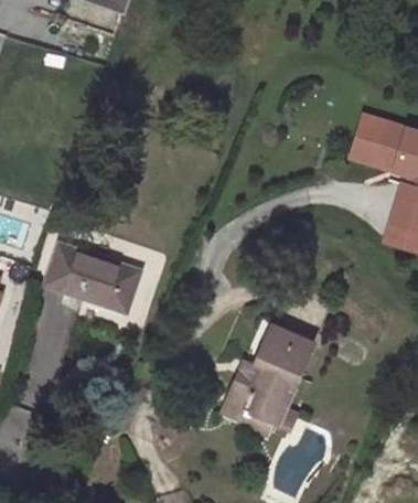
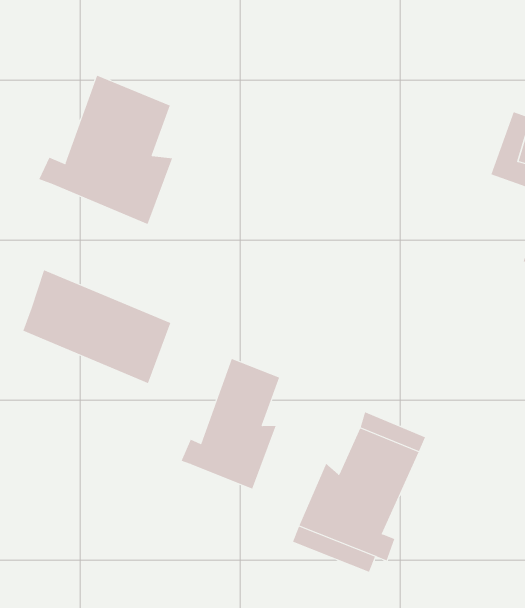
building: none -> [39,75,173,225]
building: none -> [181,358,280,490]

